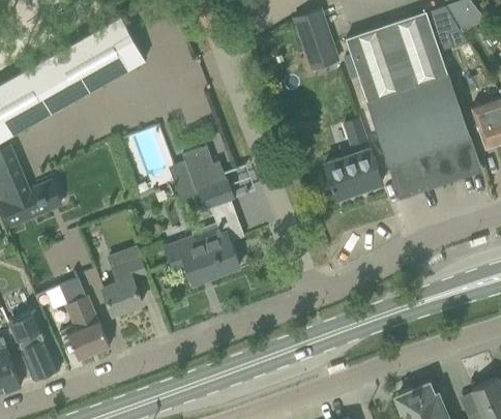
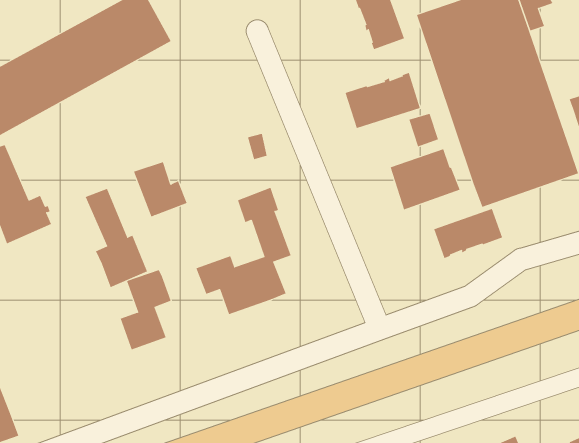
building: none -> [345,72,421,129]
building: [181,147,226,192] -> [133,162,187,217]
building: none -> [433,208,503,259]
building: [57,279,109,361] -> [85,188,148,288]
building: [9,311,59,381] -> none

